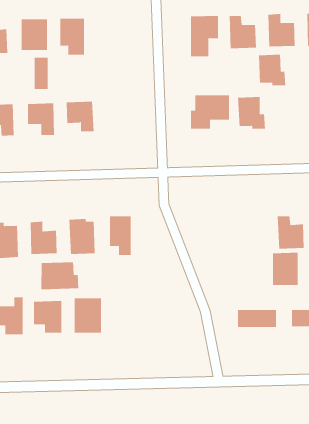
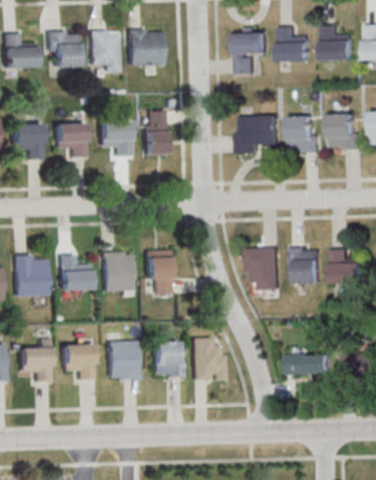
building: none -> [128,29,161,64]
building: [258,54,286,86] -> [329,115,360,150]
building: [34,57,48,90] -> none
building: none -> [143,110,166,154]
building: none -> [247,247,280,290]
building: [272,252,298,286] -> [291,246,320,283]
building: [41,262,79,290] -> none
building: none -> [190,337,224,380]
building: none -> [151,340,181,376]

